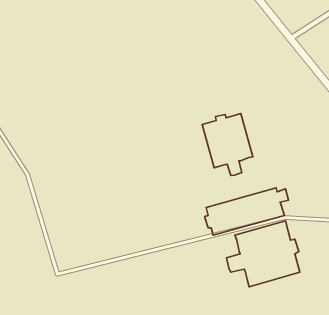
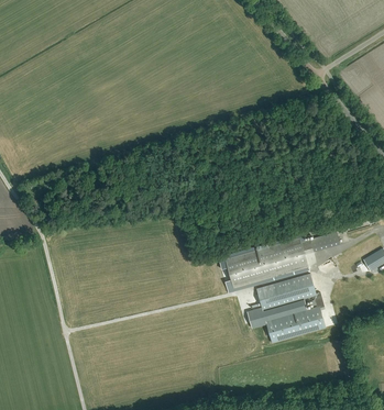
building: [202,114,253,175] -> none

